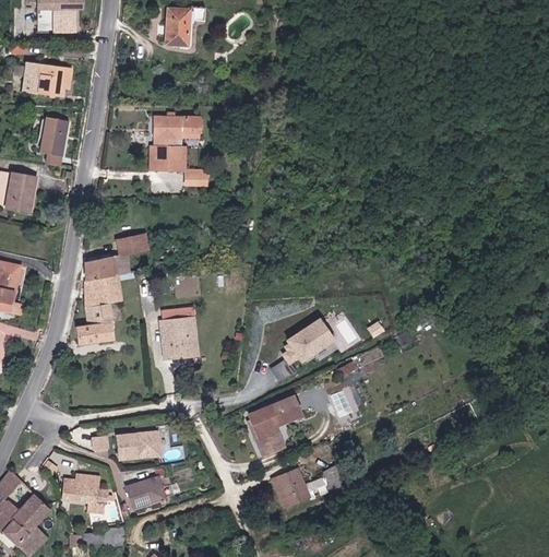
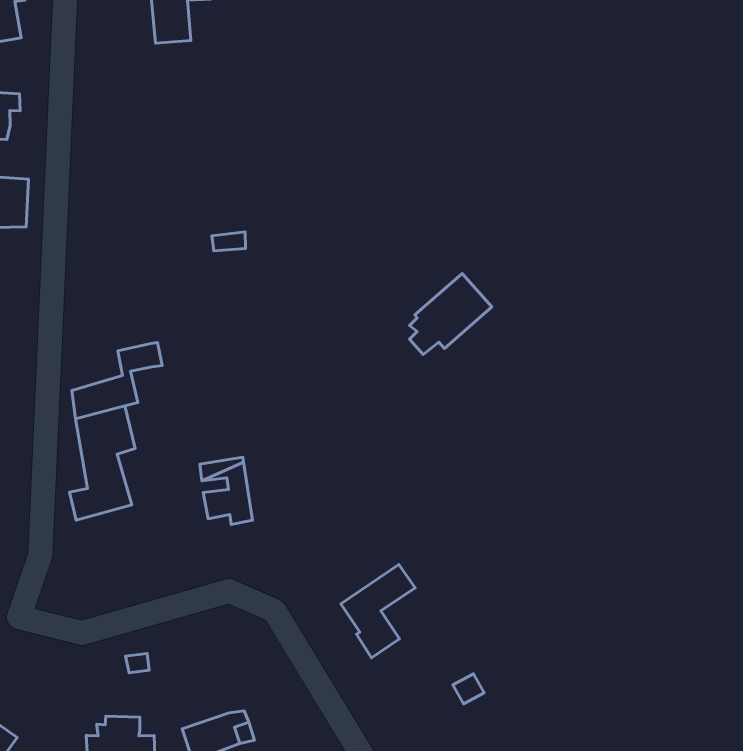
building: [148,114,201,169] -> none
building: [281,317,336,366] -> [410,273,492,354]
building: [121,435,163,460] -> none
building: [268,470,306,507] -> none

